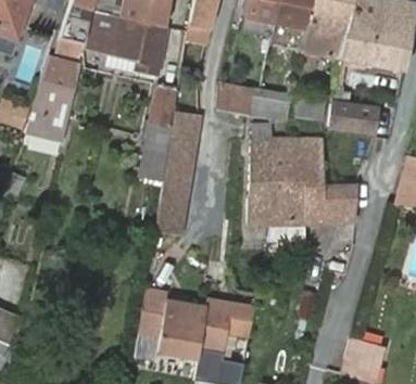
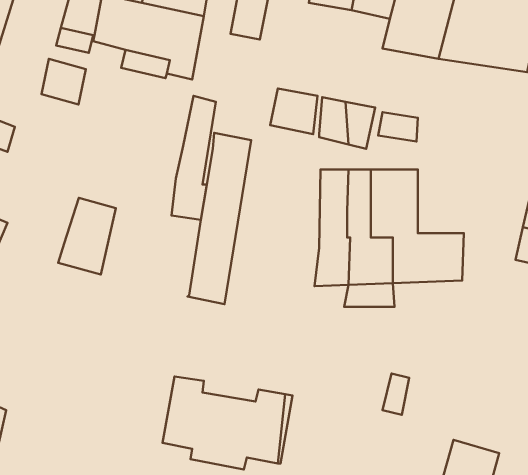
building: [329,78,380,132] -> none
building: [31,85,74,141] -> [58,198,116,275]

